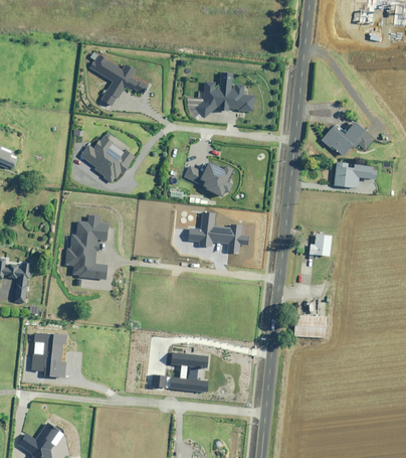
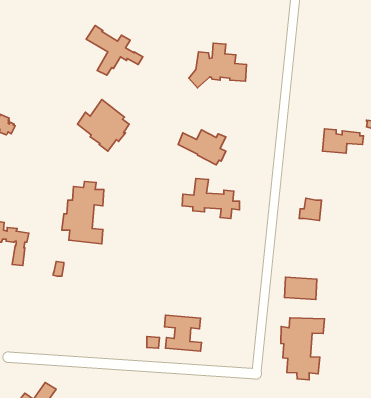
building: [321,120,366,155] -> none
building: [30,333,66,377] -> none
building: none -> [281,318,324,380]

